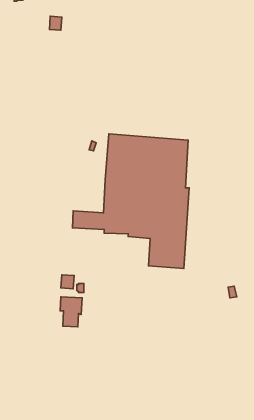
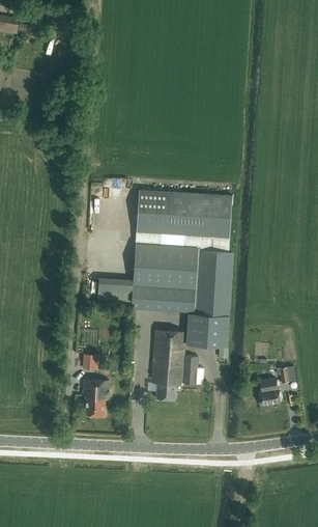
building: none -> [151,329,204,401]
building: none -> [259,378,280,405]

